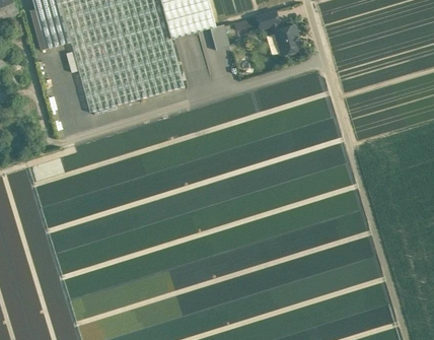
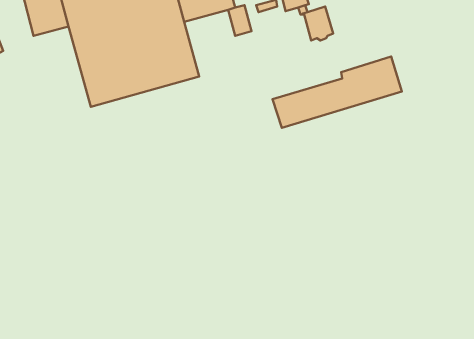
building: none -> [272,57,402,128]

